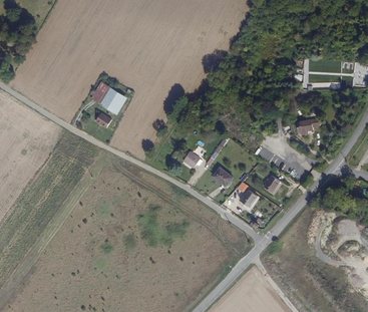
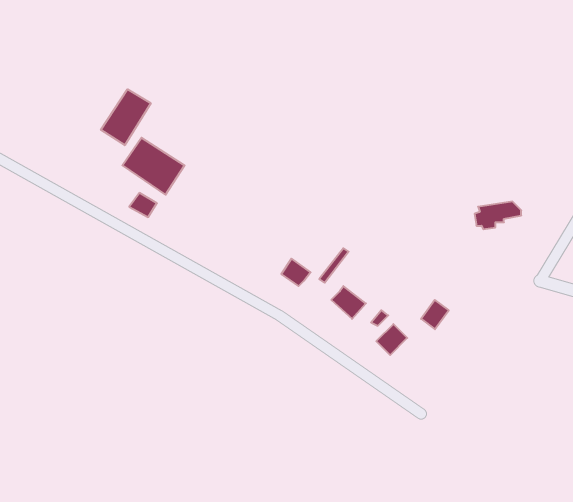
building: none -> [101,89,151,145]

